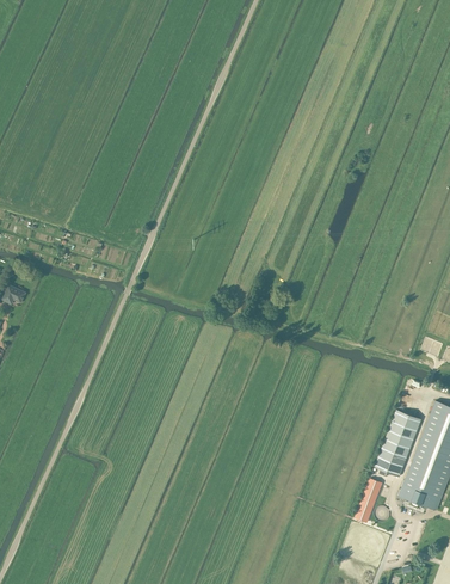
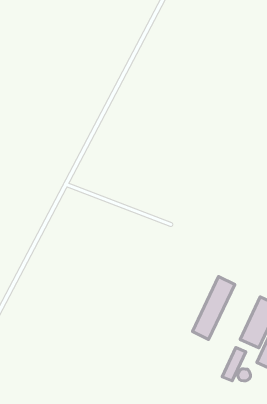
building: none -> [193,276,235,340]

